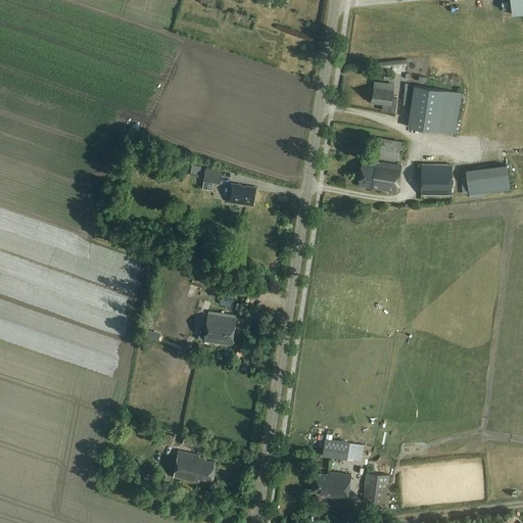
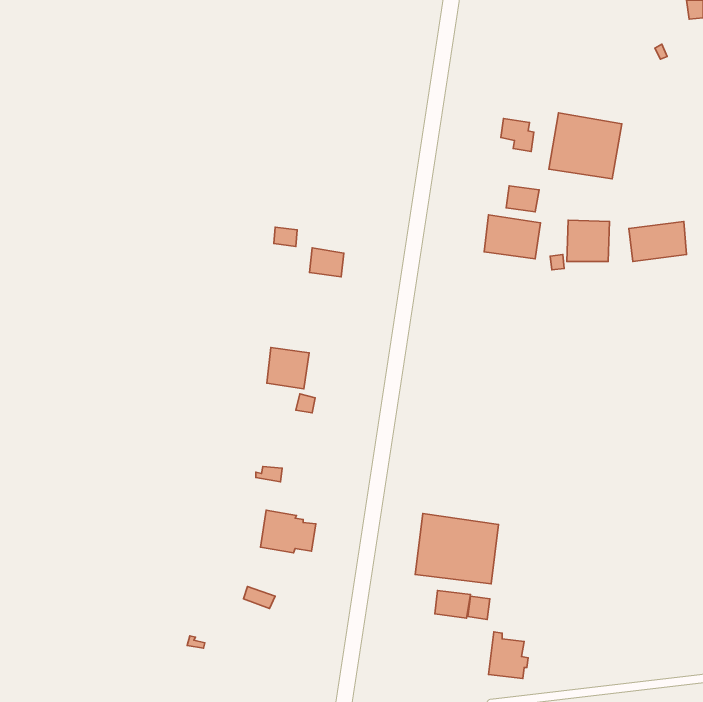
building: [204,316,236,346] -> [267,347,309,389]
building: none -> [415,514,498,584]
building: [174,451,215,483] -> [261,510,316,553]
building: [313,473,350,500] -> none

